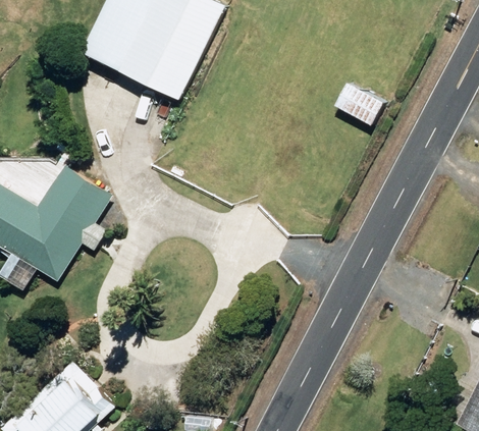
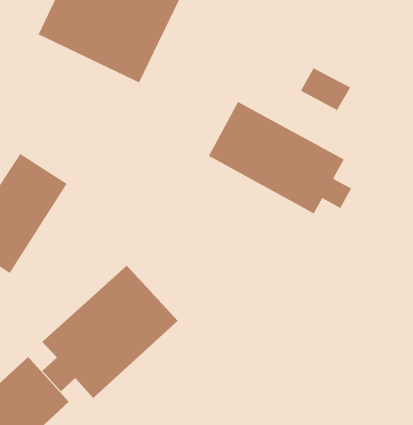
building: none -> [208,101,352,214]
building: none -> [42,265,179,399]

